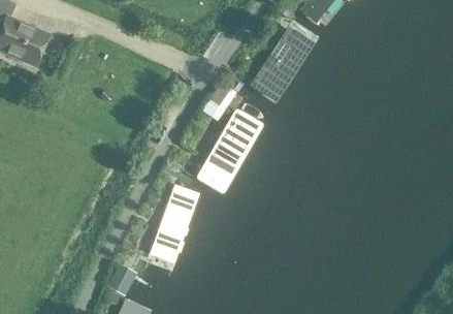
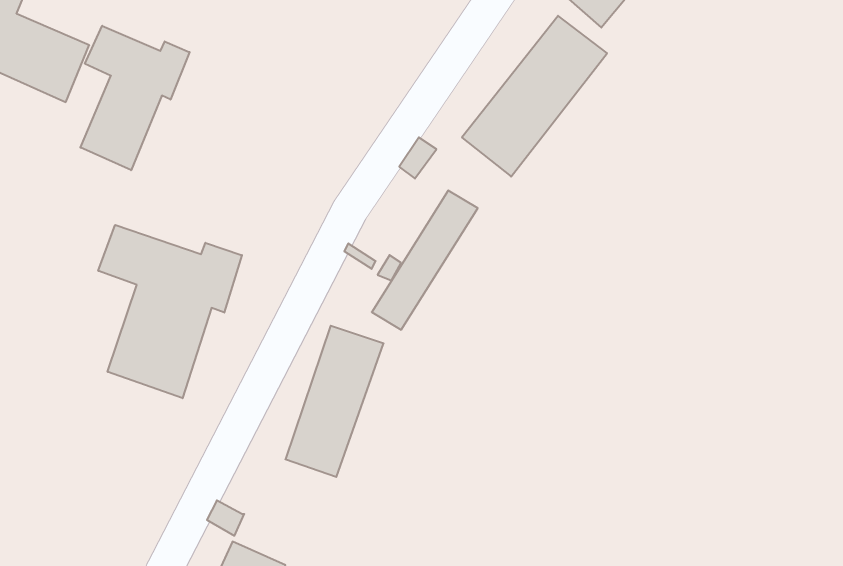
building: none -> [80,26,190,170]
building: none -> [98,225,242,398]

